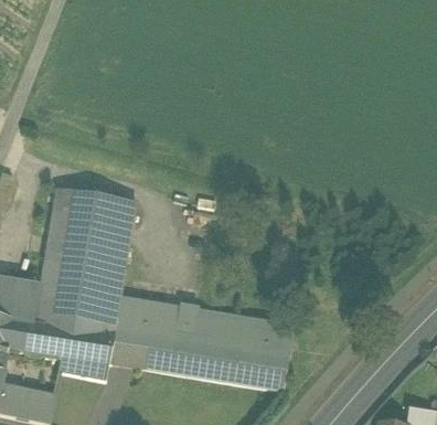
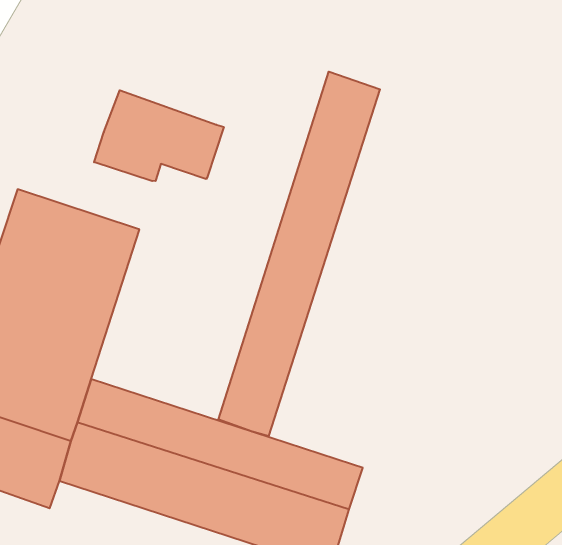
building: none -> [219,72,380,436]
building: none -> [94,90,224,181]

